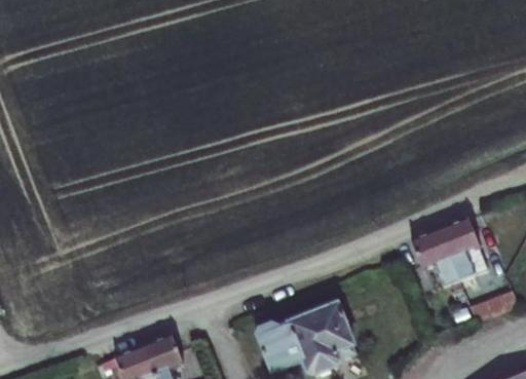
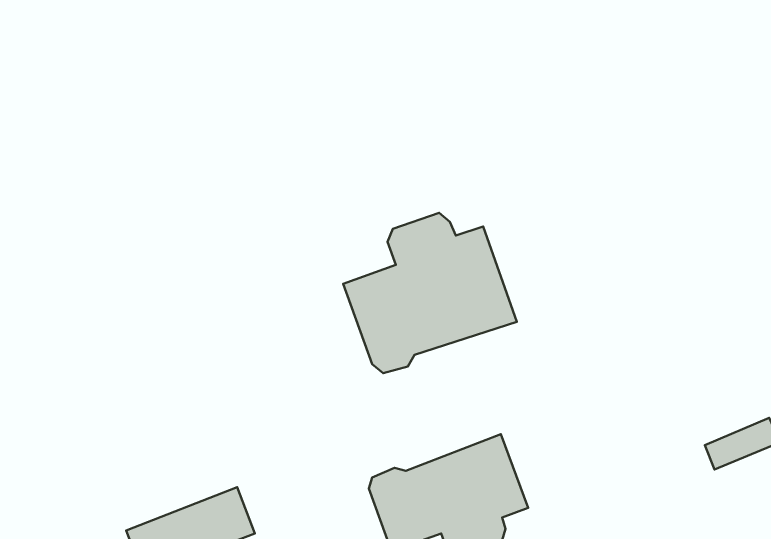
building: none -> [343,213,517,373]
building: [410,218,488,291] -> none

